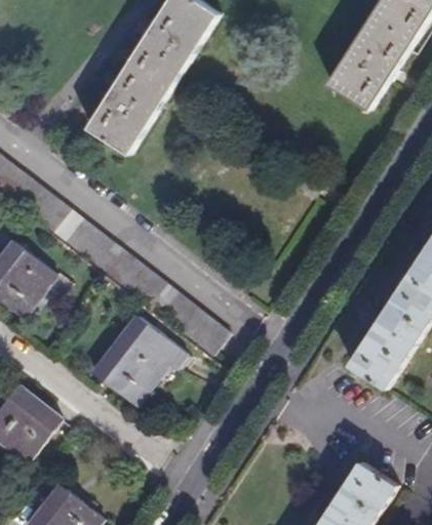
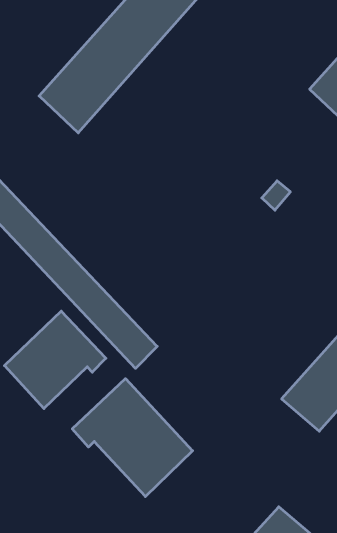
building: none -> [72,379,193,497]

